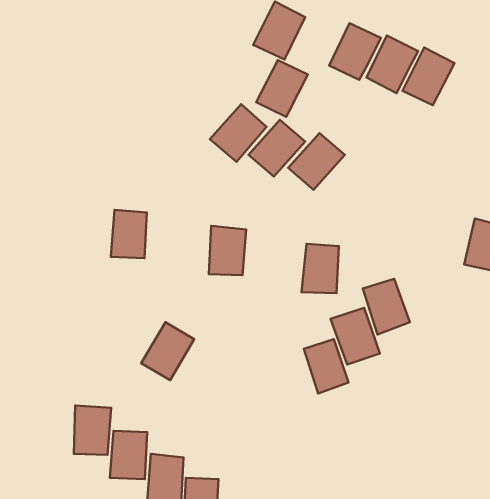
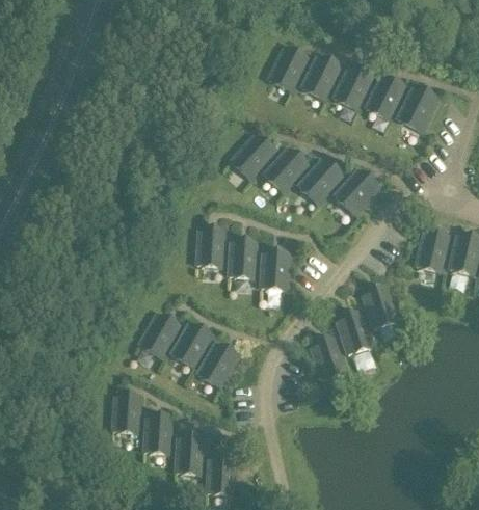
building: [256,60,308,117] -> [299,52,344,101]
building: none -> [332,165,380,215]
building: [111,210,147,258] -> [195,225,227,267]
building: none -> [414,226,452,273]
building: [302,244,339,293] -> [259,247,291,290]
building: none -> [137,310,183,359]
building: none -> [196,339,241,388]

